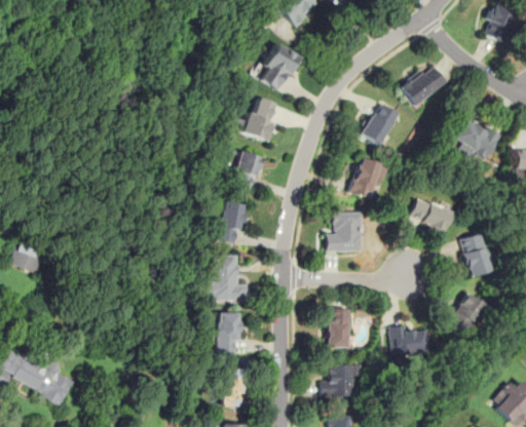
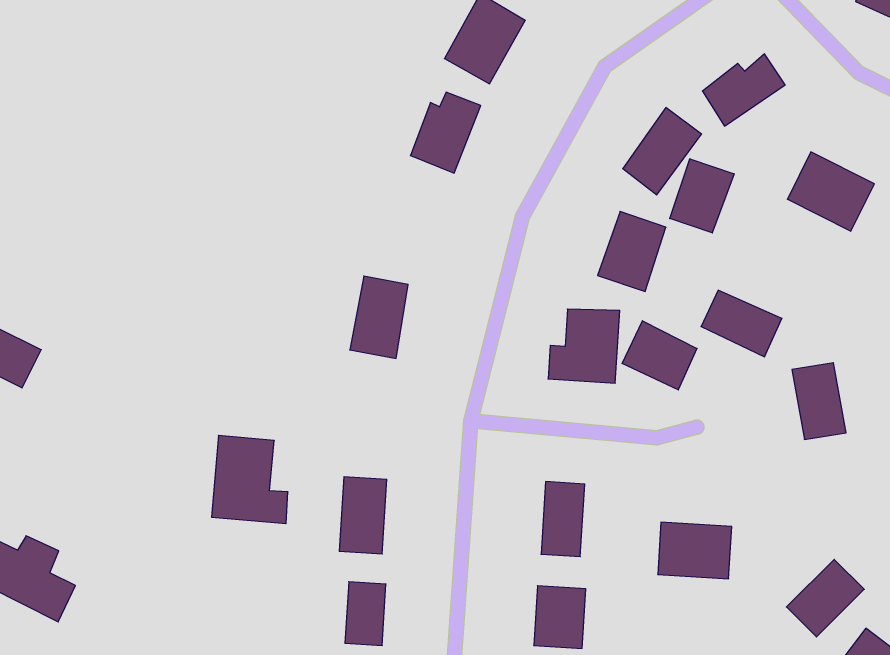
building: none -> [670,159,734,233]
building: [232,149,265,191] -> none
building: none -> [622,321,697,390]
building: [206,255,248,301] -> [212,435,288,524]
building: [446,293,488,336] -> [786,559,864,637]

